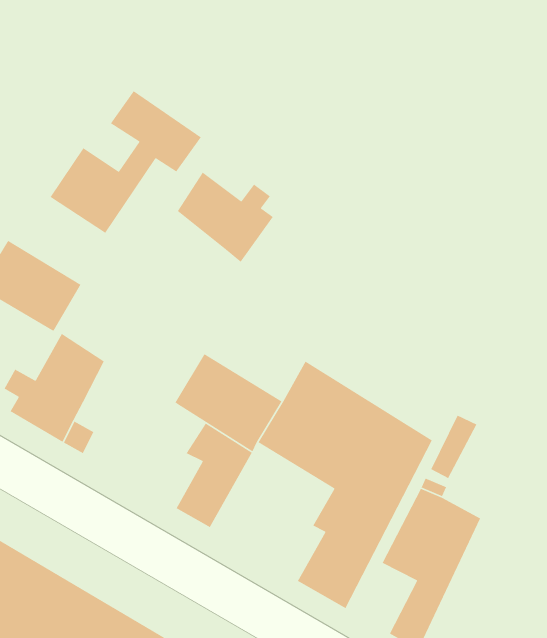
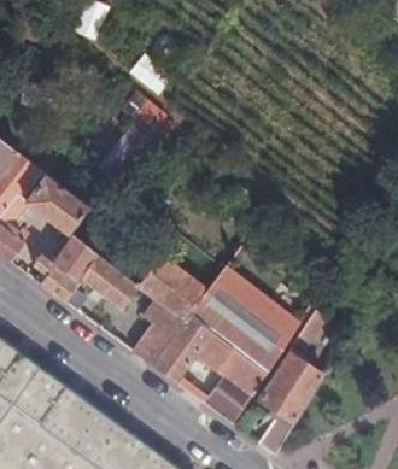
building: [177,171,274,263] -> none
building: none -> [82,252,140,305]
building: none -> [153,312,233,385]

